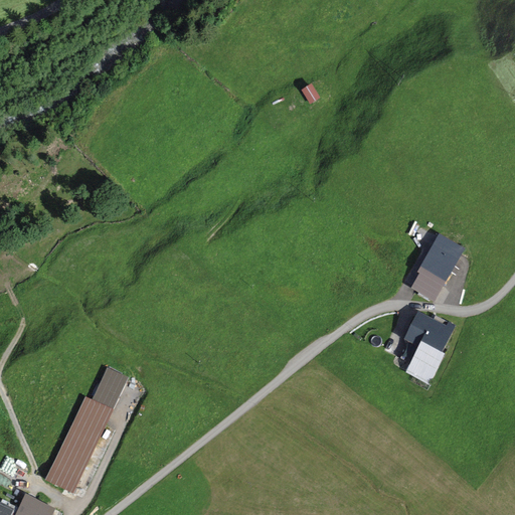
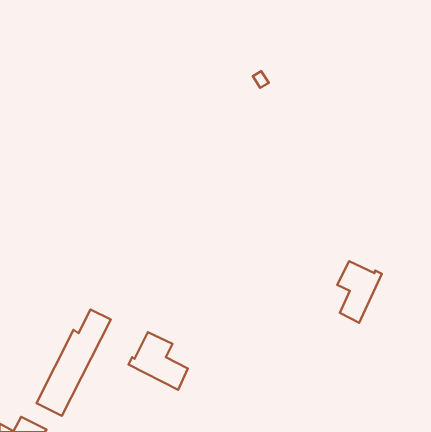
building: [408,233,464,301] -> none
building: none -> [129,332,188,390]

